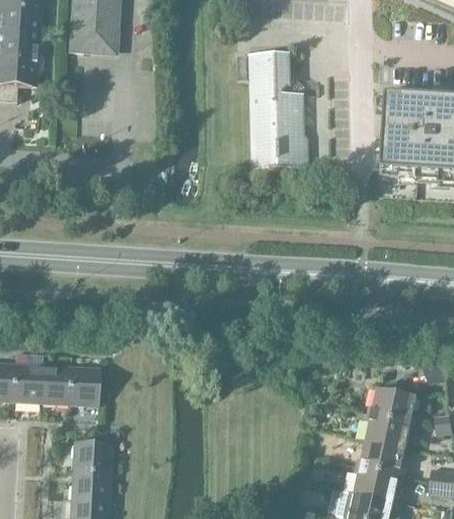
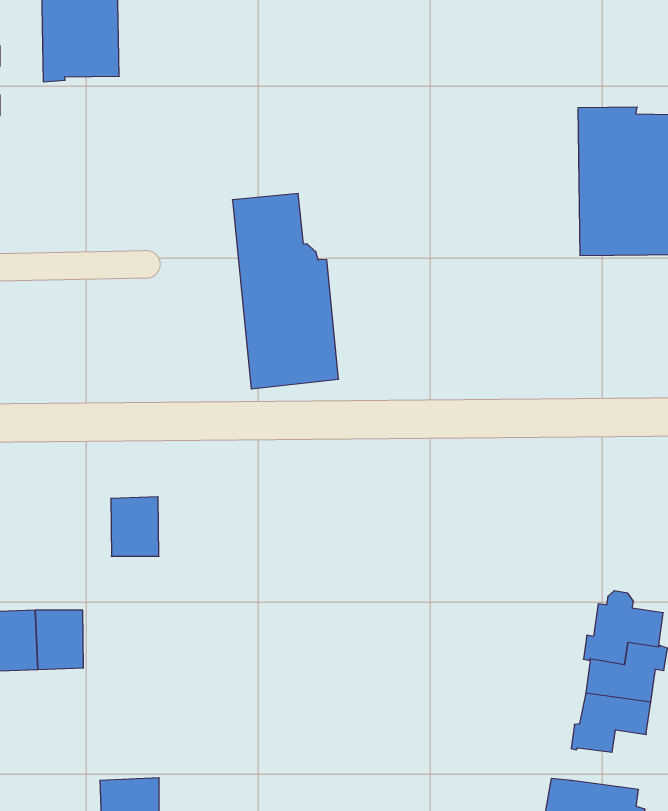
building: [249,53,305,167] -> [232,194,339,389]
building: [69,368,99,404] -> [111,497,159,556]
building: [74,442,110,471] -> none
building: [356,462,408,499] -> none

